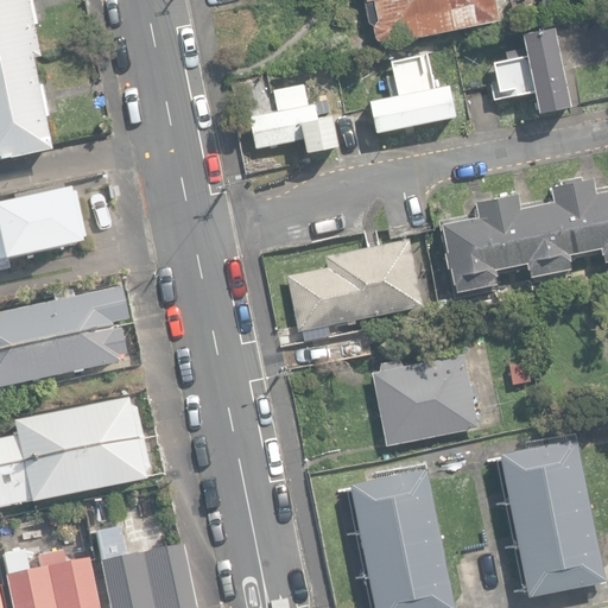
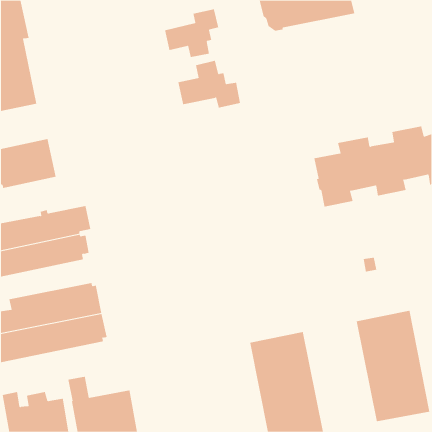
building: none -> [164,9,219,58]
building: [494,27,571,113] -> none
building: [370,53,456,132] -> none
building: [287,236,422,329] -> none
building: [373,353,479,443] -> none

